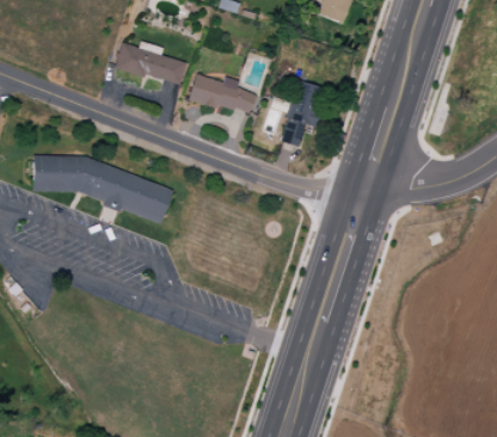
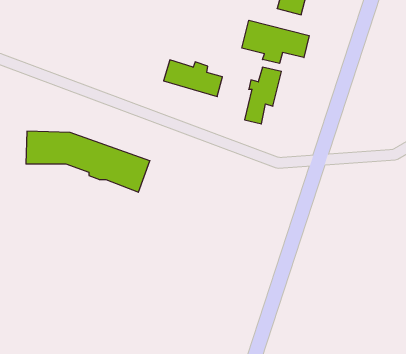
building: none -> [242,20,309,63]
building: [115,42,186,85] -> none

